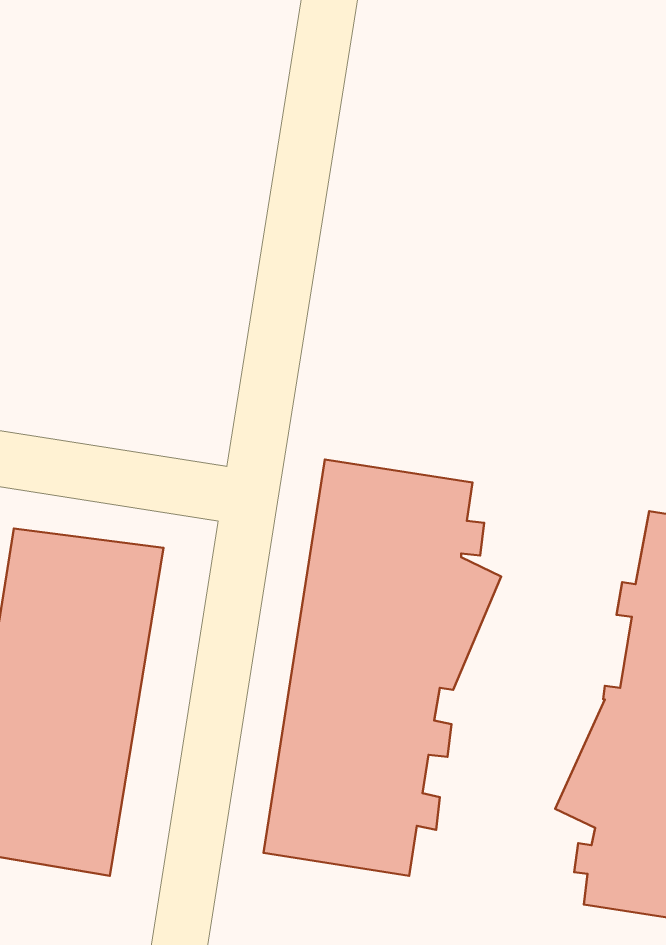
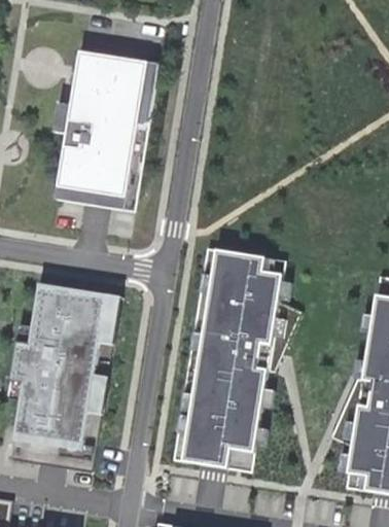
building: none -> [51,49,166,212]

